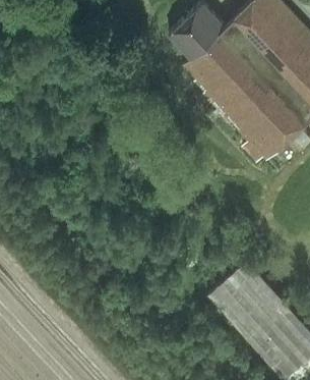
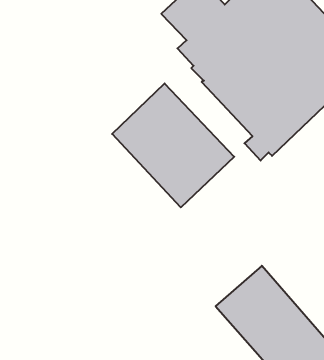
building: none -> [112,83,234,207]

